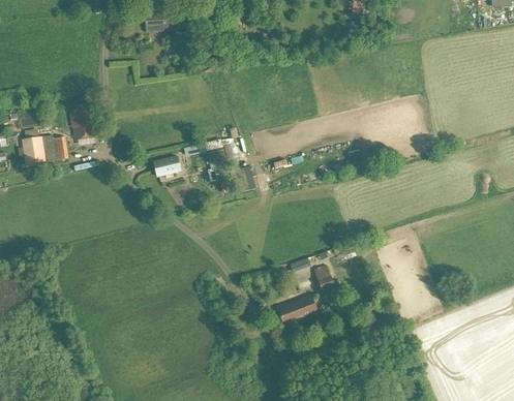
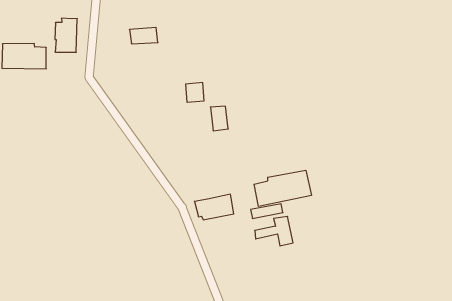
building: [153,156,183,176] -> [129,27,158,44]
building: none -> [254,170,311,206]
building: [277,295,318,323] -> [194,194,234,220]

